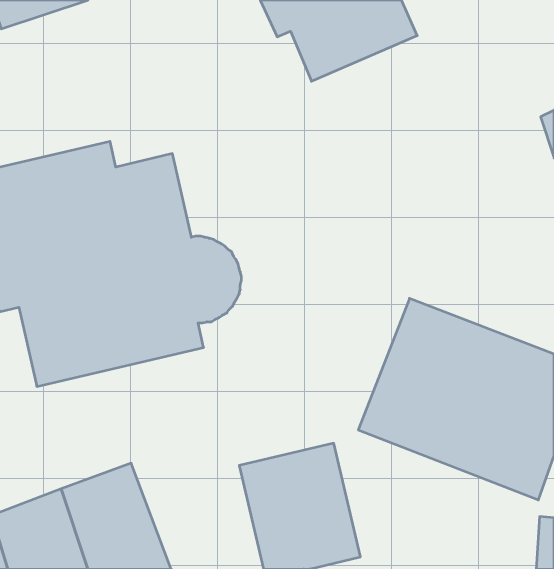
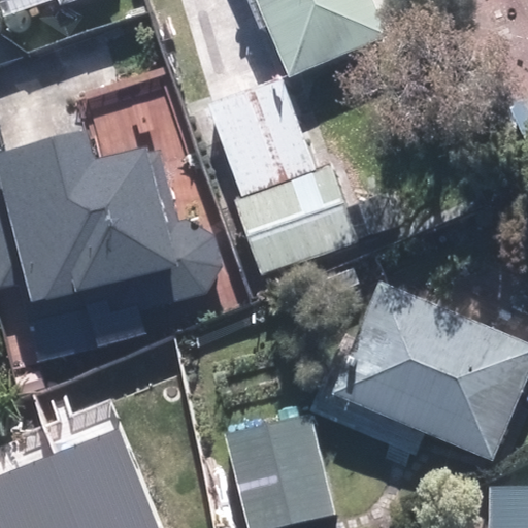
building: none -> [209,77,355,275]

